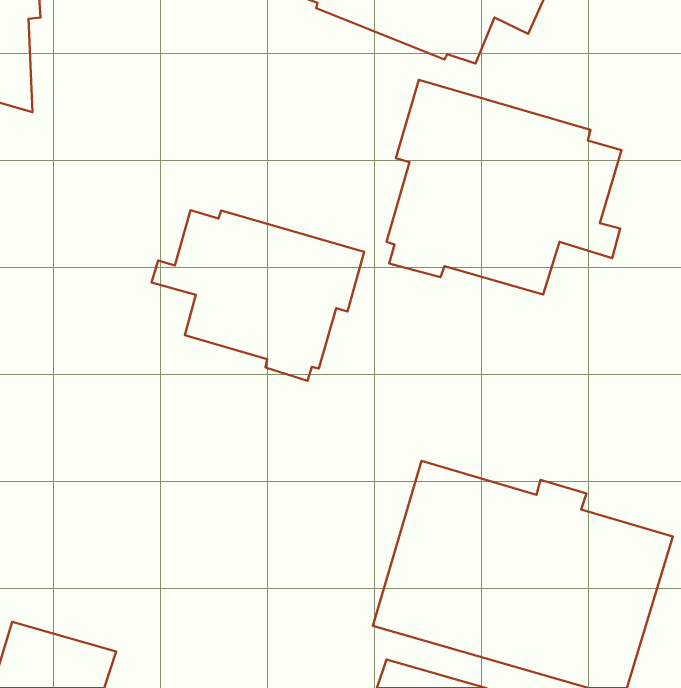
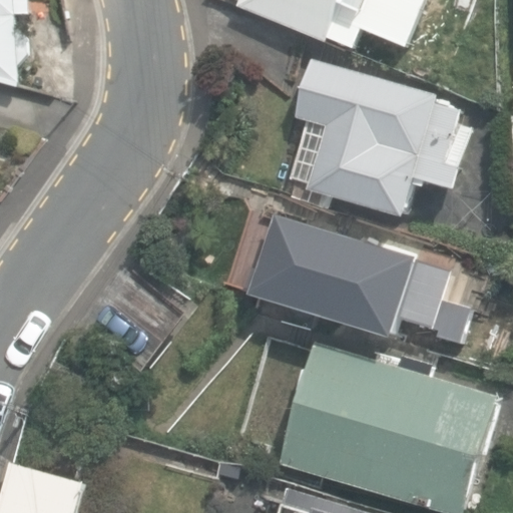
building: [151,210,364,381] -> none
building: none -> [247,213,468,344]

